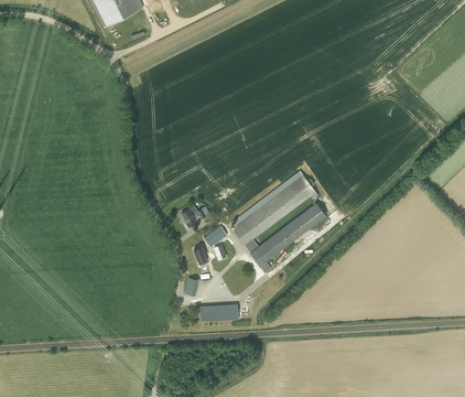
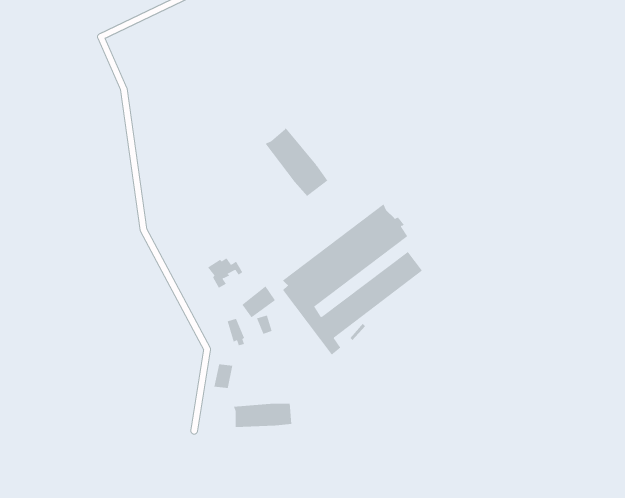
building: none -> [265,127,328,197]

